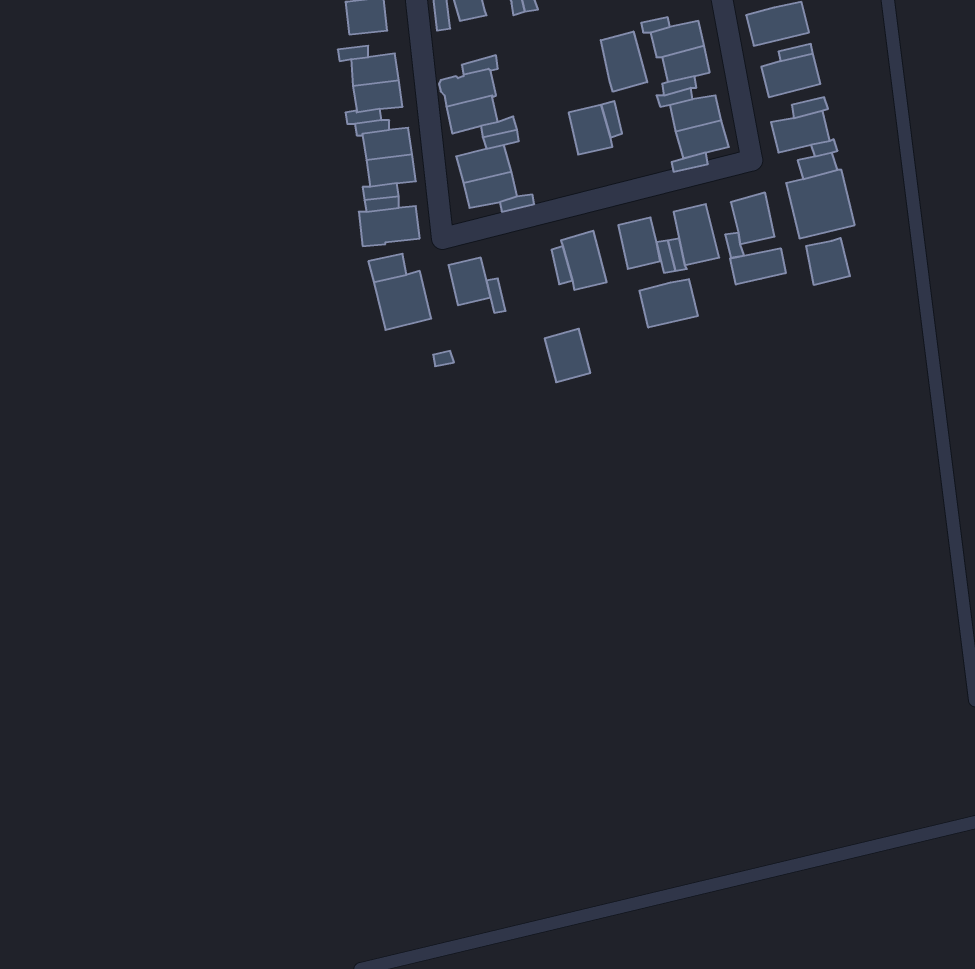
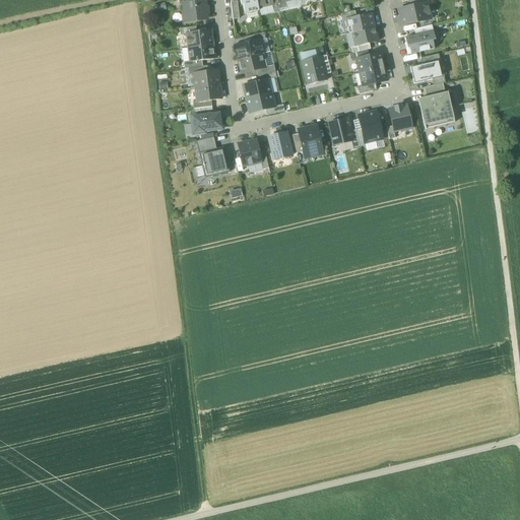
building: [601,31,647,92] -> none
building: [806,238,850,285] -> none
building: [730,248,786,285] -> none
building: [639,279,698,328] -> none
building: [545,329,590,382] -> [268,130,292,158]

